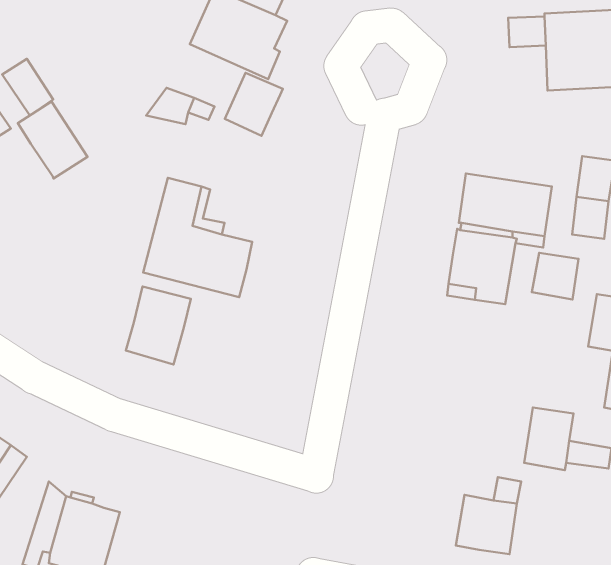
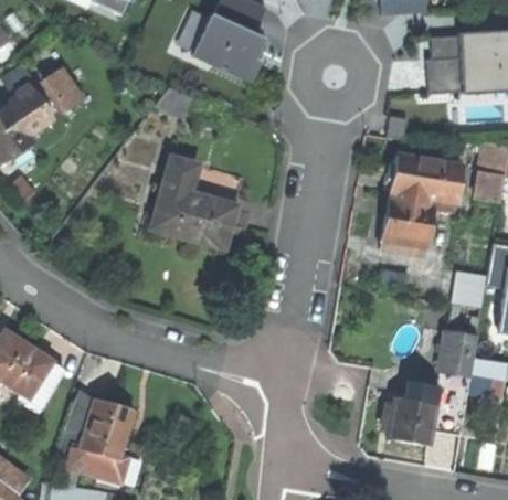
building: none -> [424,57,458,93]
building: [225,73,283,136] -> none
building: [18,101,87,178] -> none
building: [532,253,578,299] -> [452,272,487,307]
building: [126,286,191,364] -> none

